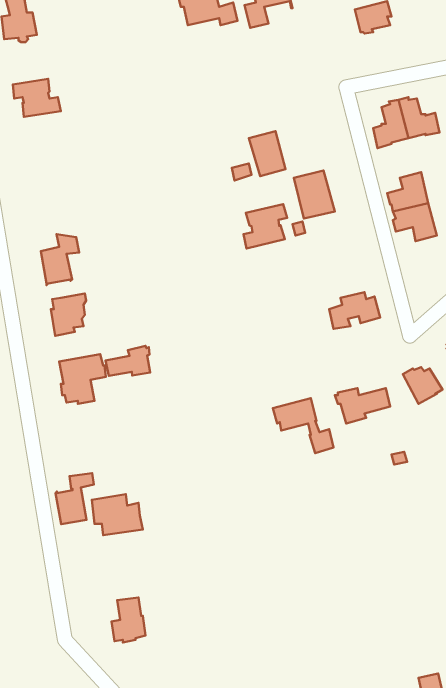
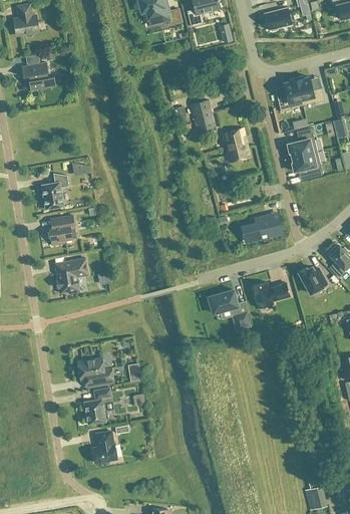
building: [243,204,287,249] -> none
building: [105,346,150,376] -> none
building: [56,473,94,524] -> [83,388,110,424]

